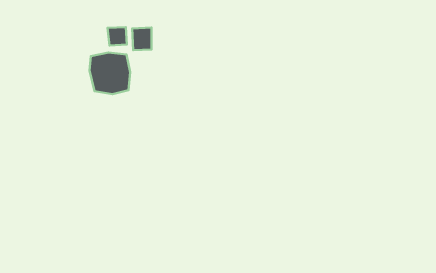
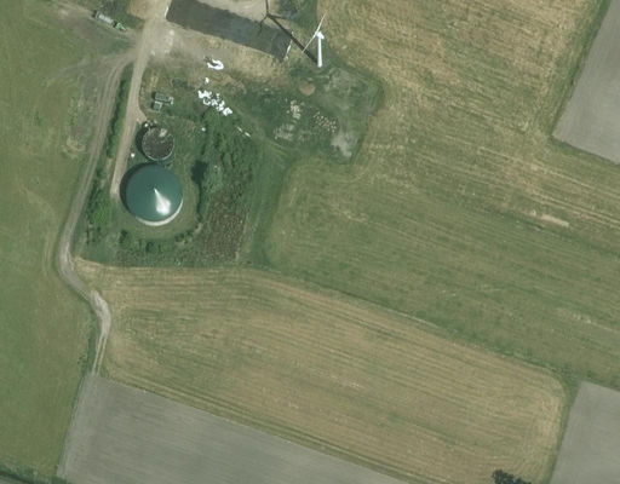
building: [132,27,152,50] -> none

